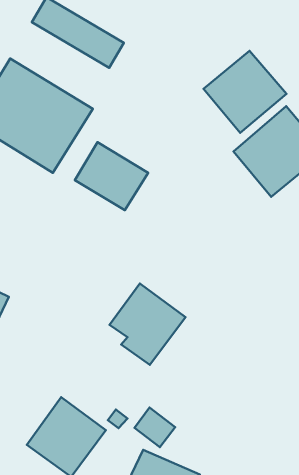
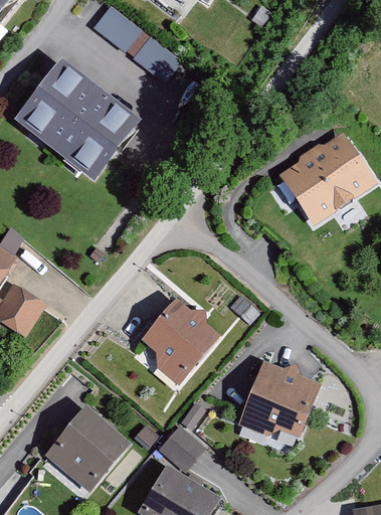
building: [203,51,286,133] -> none
building: [75,142,148,210] -> none
building: none -> [241,362,319,436]

